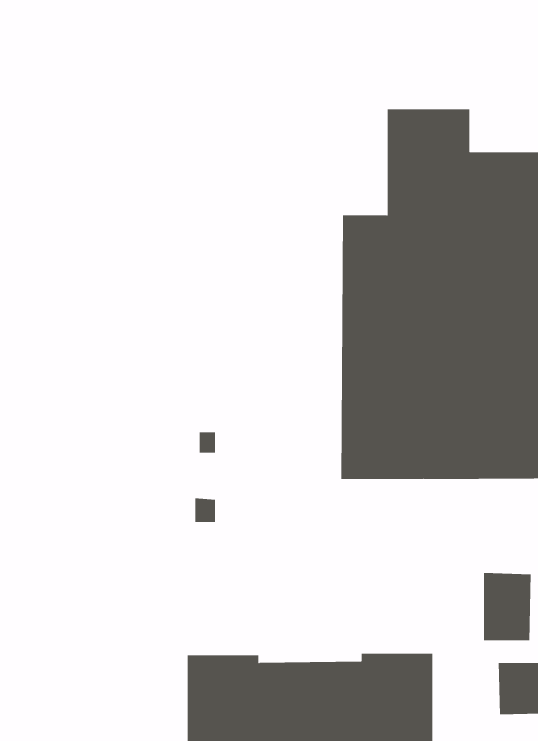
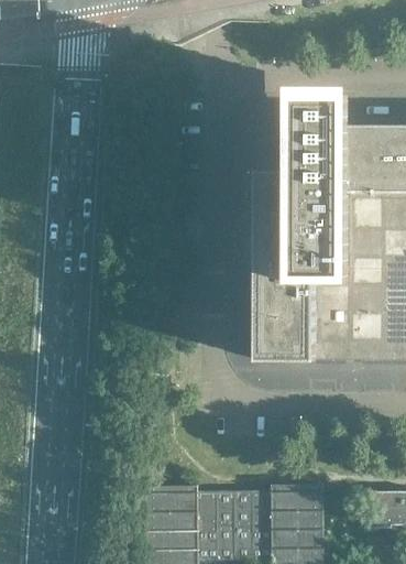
building: [484,572,531,641] -> none

